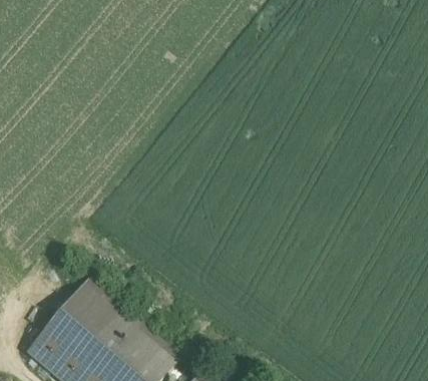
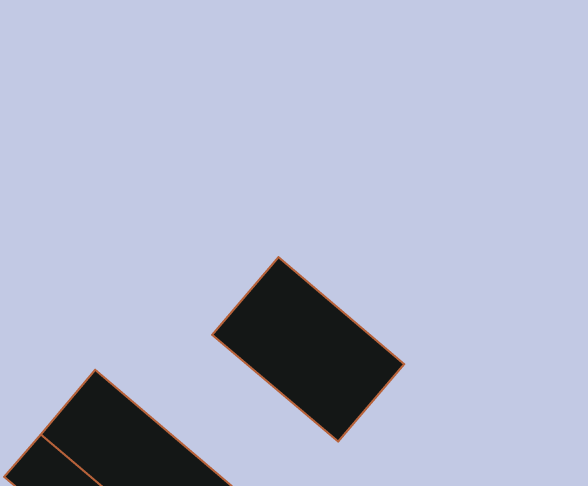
building: none -> [212,257,404,442]

